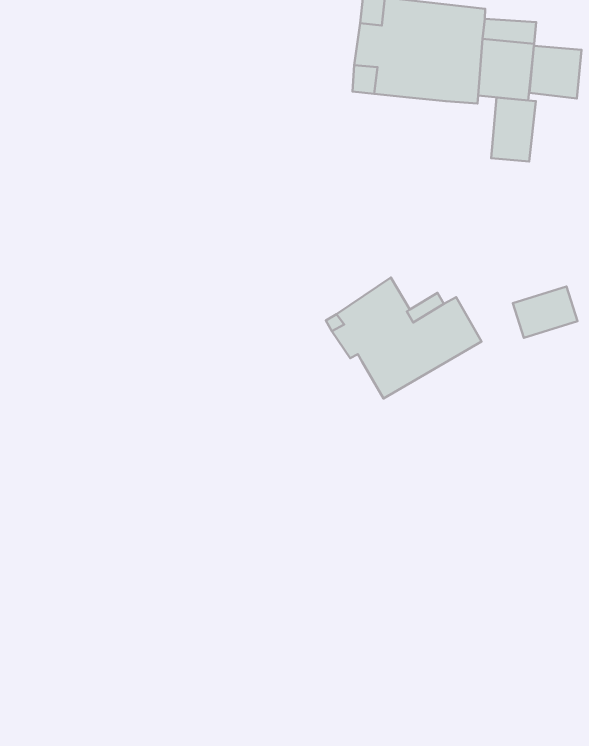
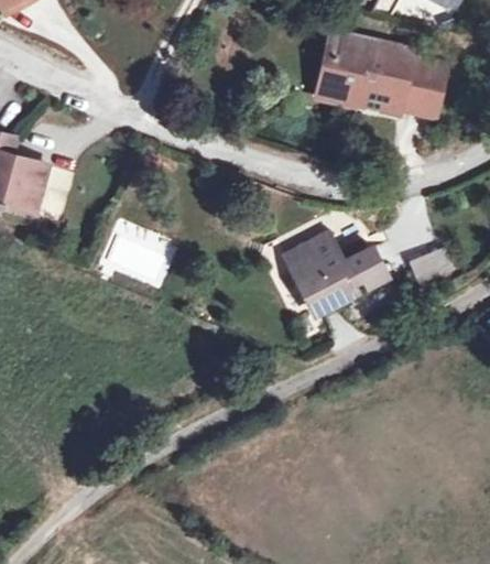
building: [530,46,581,99] -> none
building: [491,97,536,161] -> none

